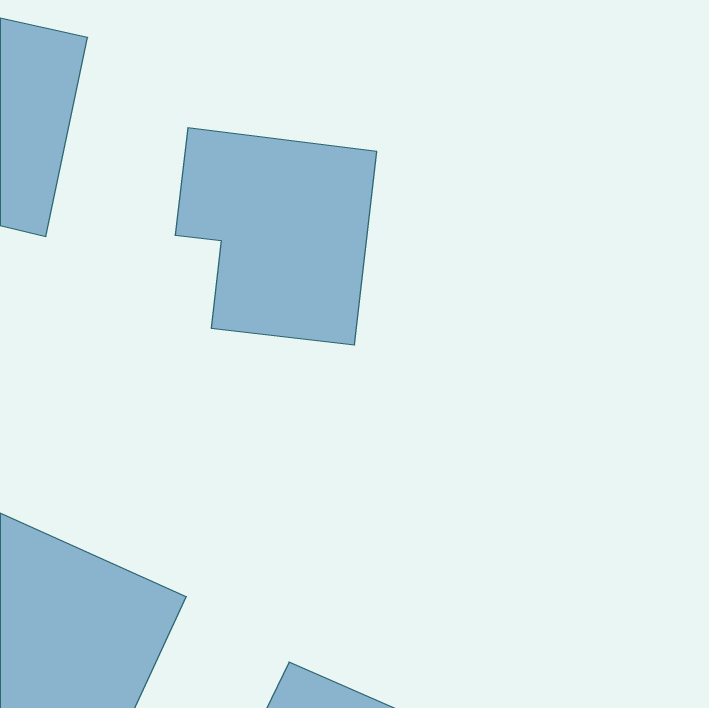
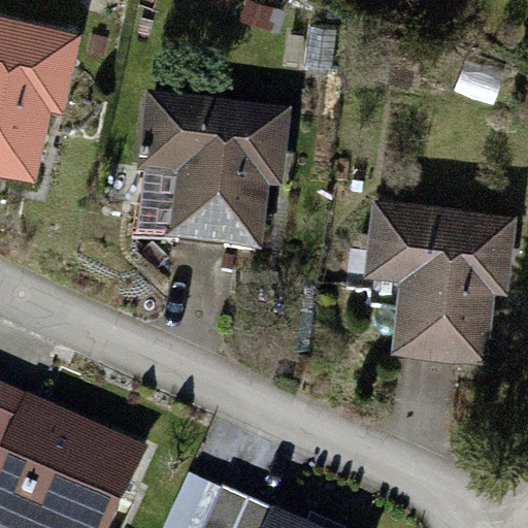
building: none -> [356,191,507,357]

